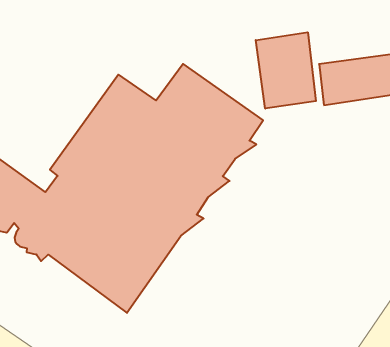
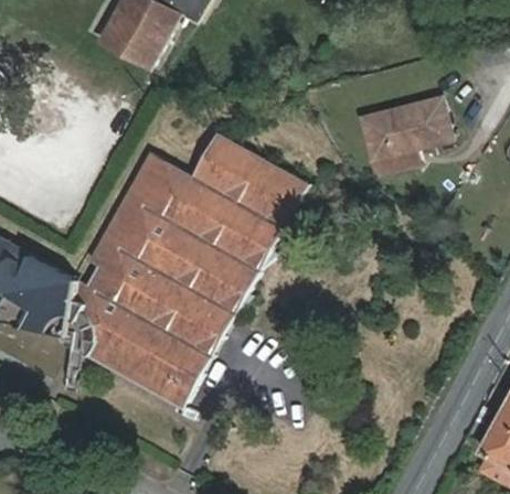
building: [256,32,316,109] -> none

